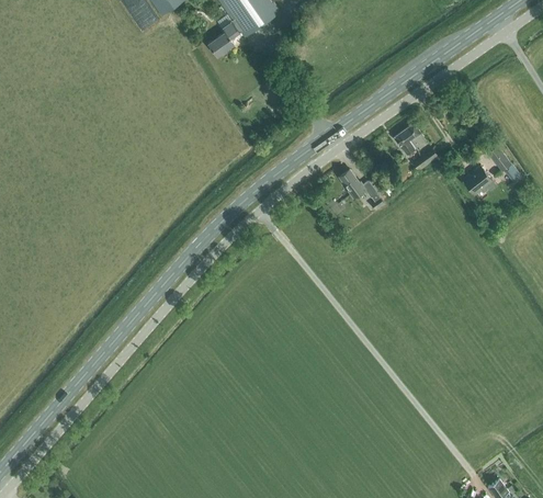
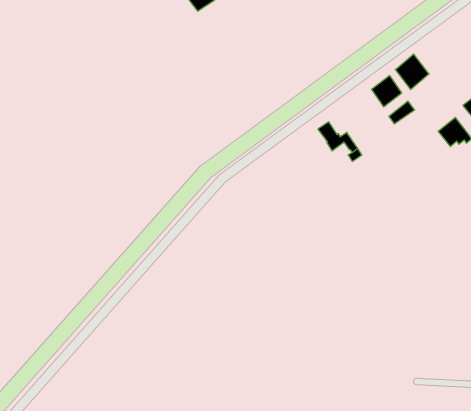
building: none -> [395,54,429,90]

